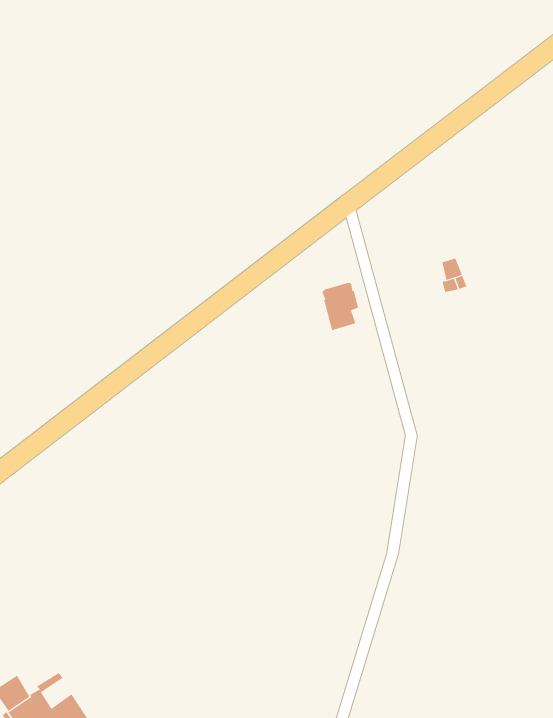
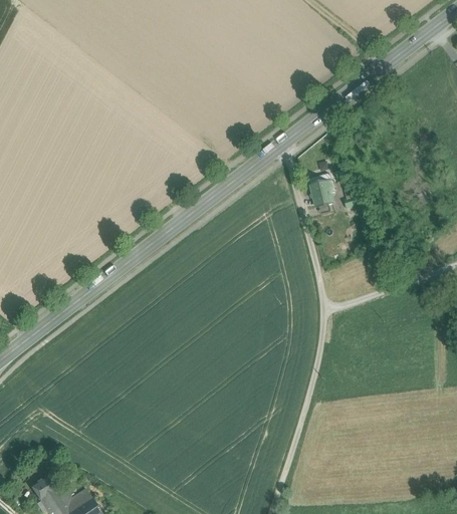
building: [322,282,359,331] -> [309,175,335,209]

